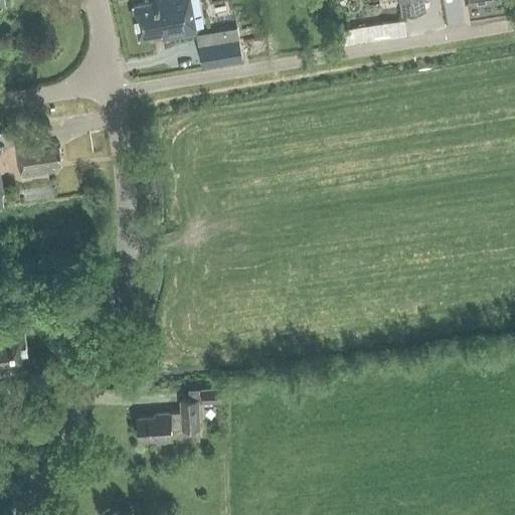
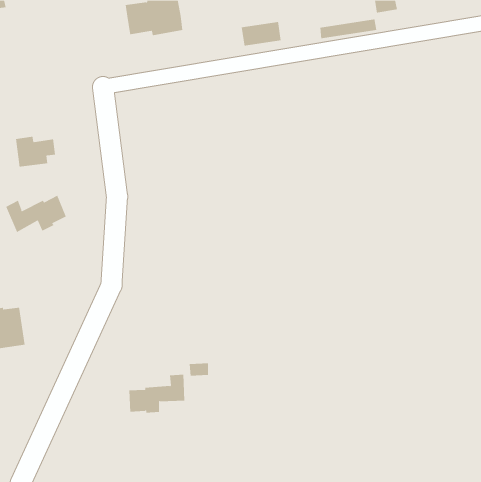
building: [197,40,240,66] -> [241,22,282,46]
building: none -> [6,195,66,233]

